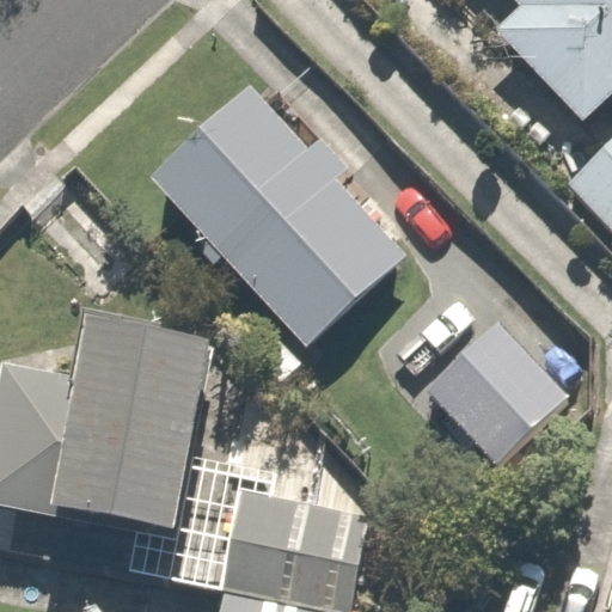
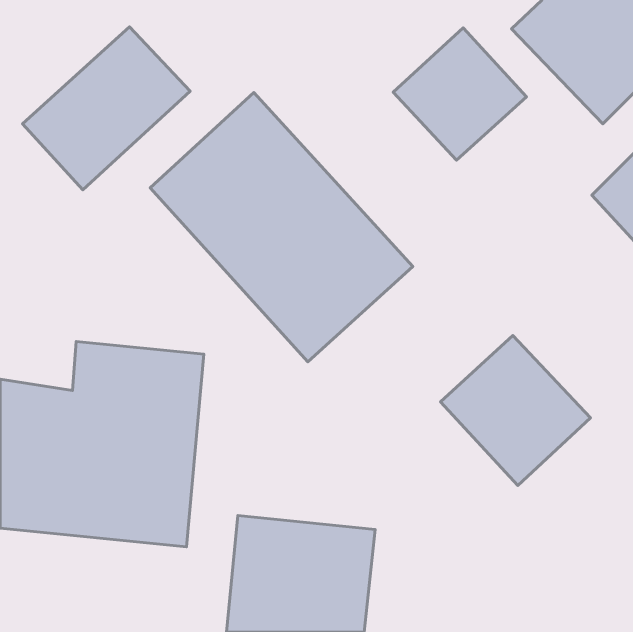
building: none -> [23,27,190,190]
building: none -> [393,28,526,160]

